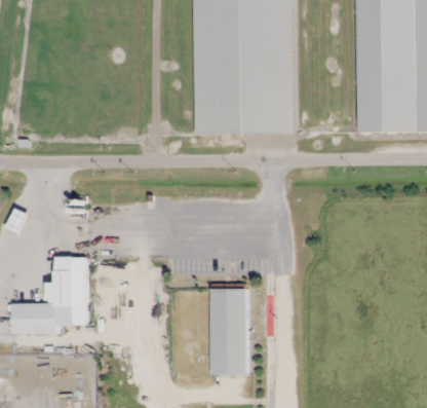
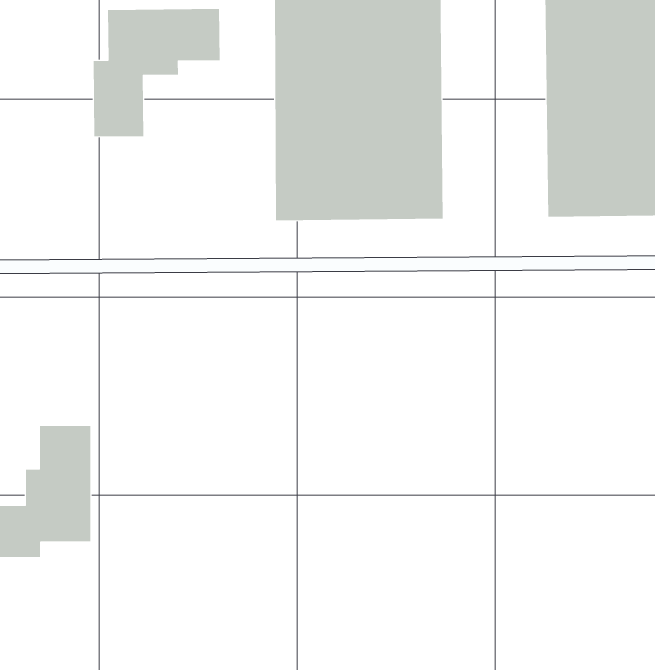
building: none -> [93,8,220,137]
building: [211,287,247,373] -> none

